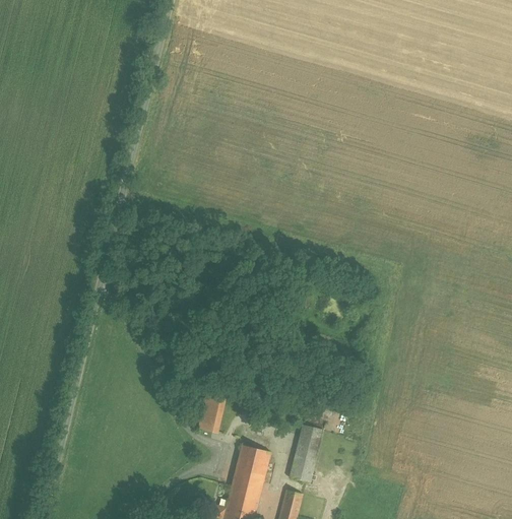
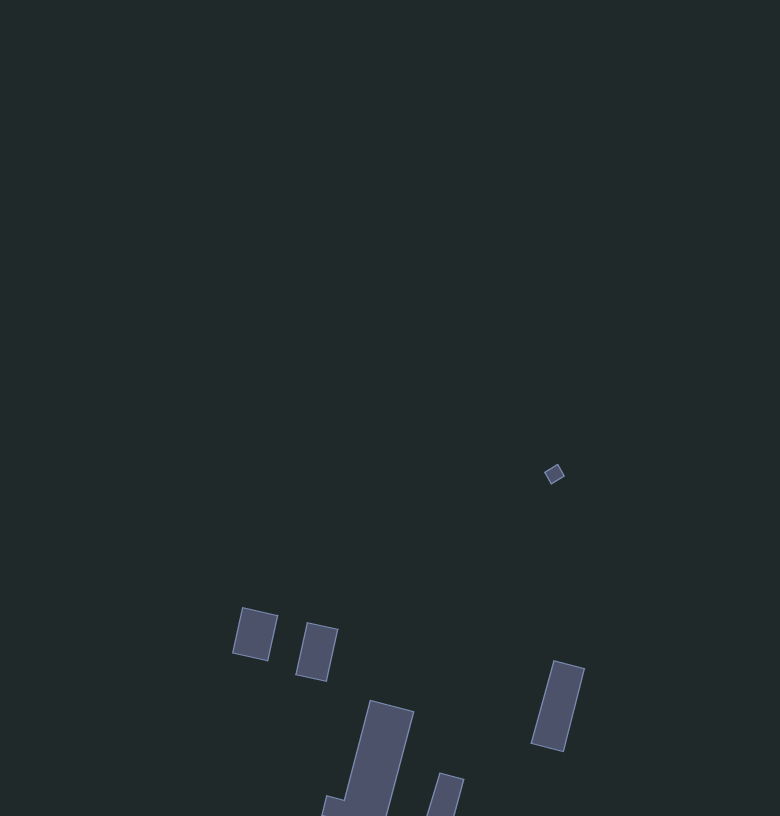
building: none -> [233,608,278,661]
building: [289,426,322,482] -> [531,661,585,751]

